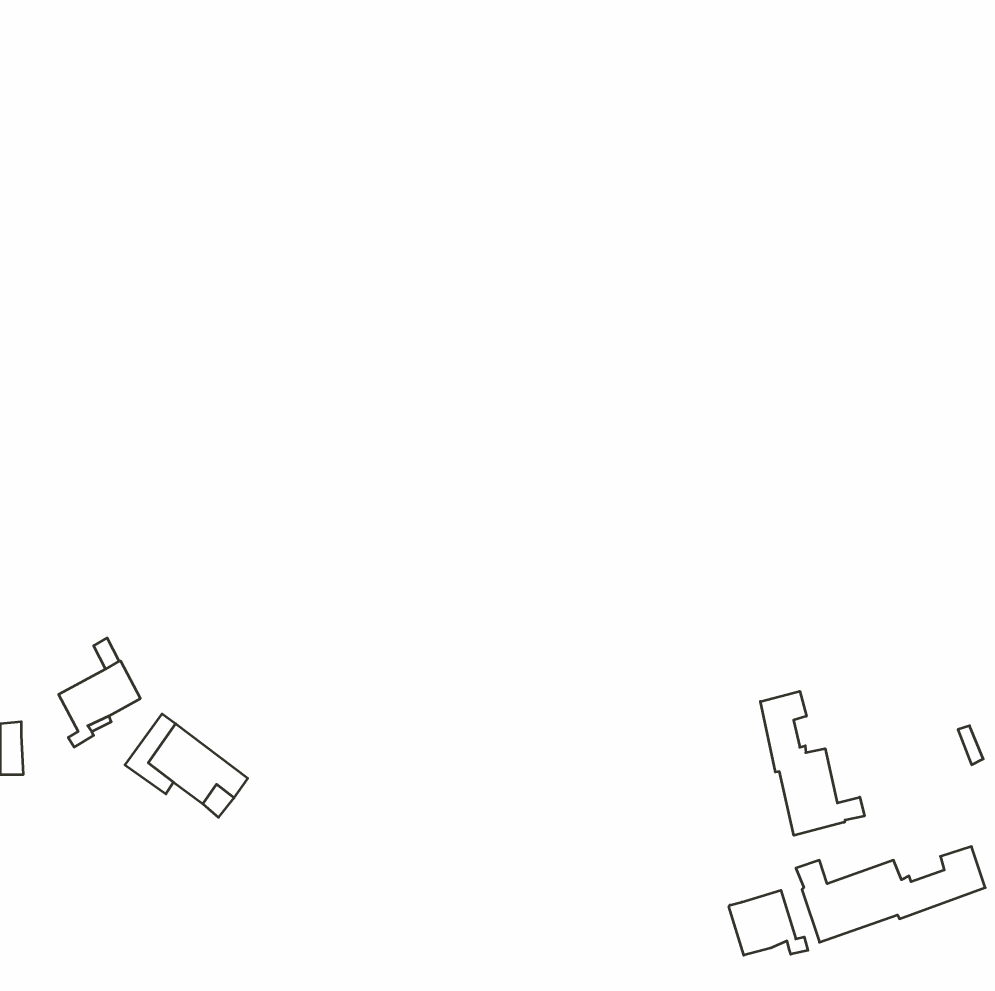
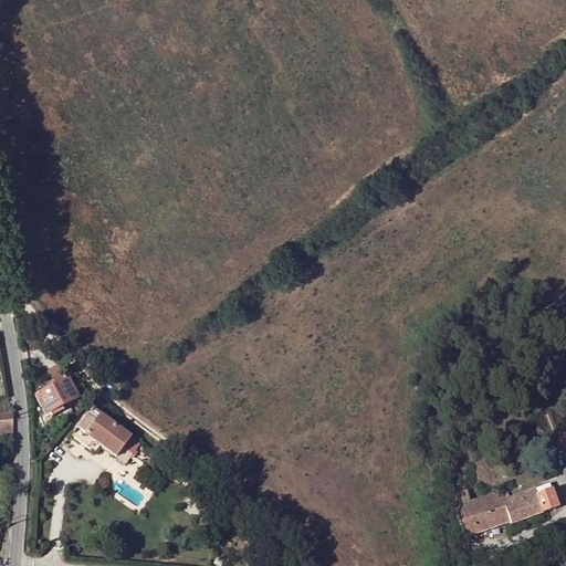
building: [760,691,864,835] -> none
building: [729,890,808,955] -> none

